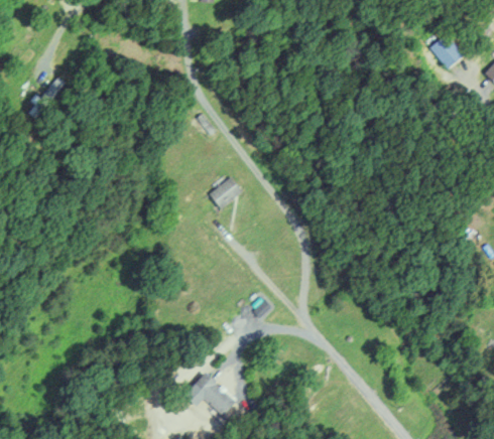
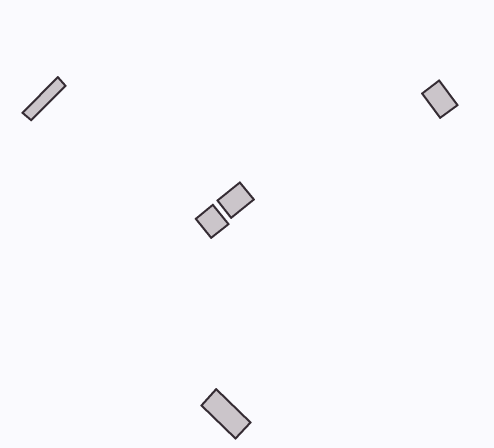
building: [428,35,462,70] -> [422,80,457,118]
building: none -> [196,205,228,238]

